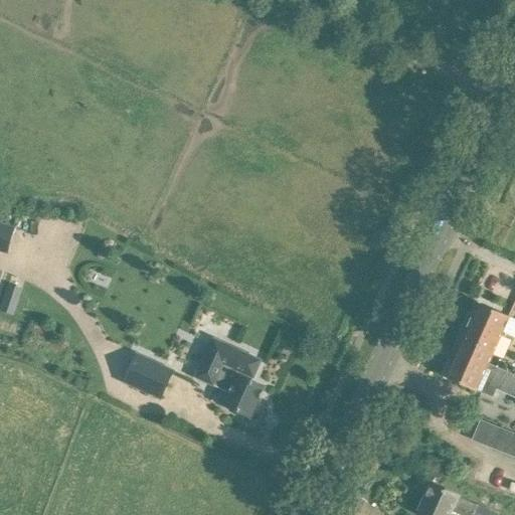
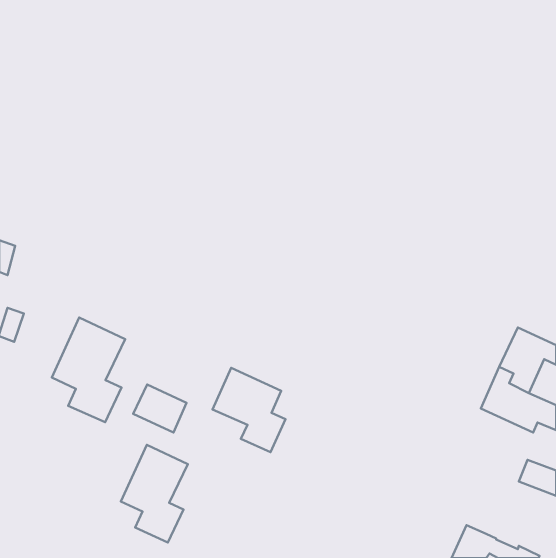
building: none -> [52,317,125,422]
building: none -> [121,445,188,542]

